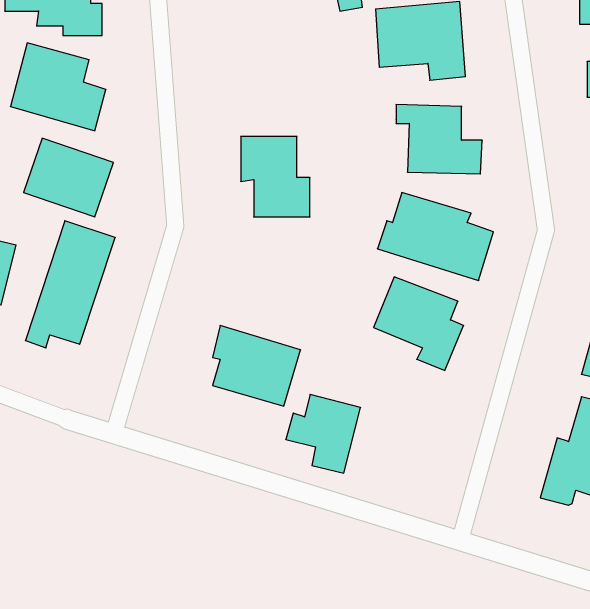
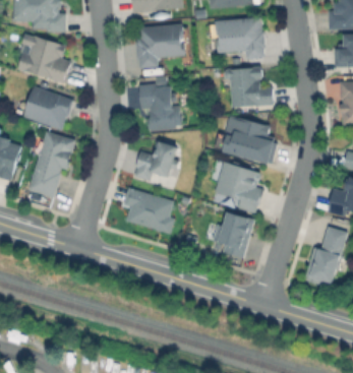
building: none -> [133,20,184,66]
building: none -> [137,136,178,178]
building: [286,394,361,473] -> [214,215,254,258]

